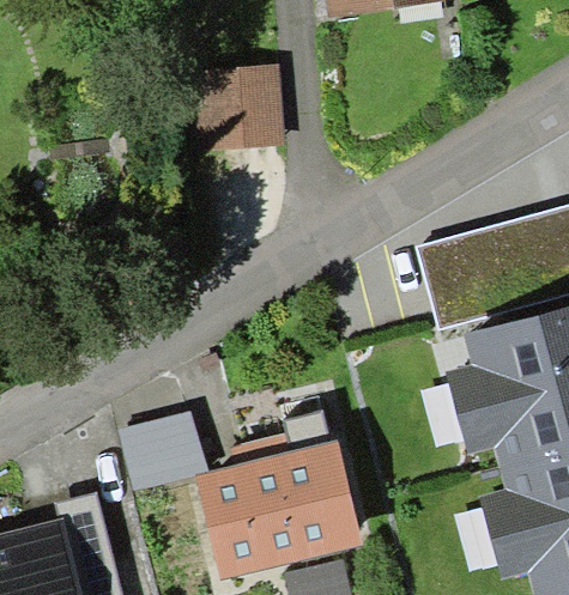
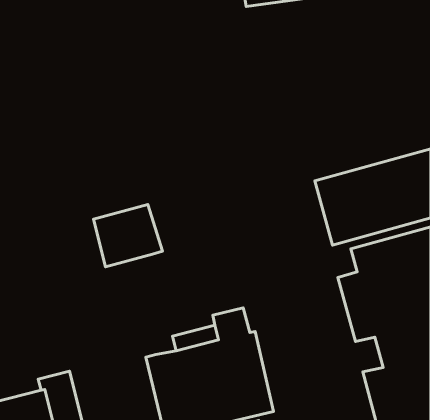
building: [193,67,285,150] -> none
building: [120,411,210,492] -> [94,204,163,267]

